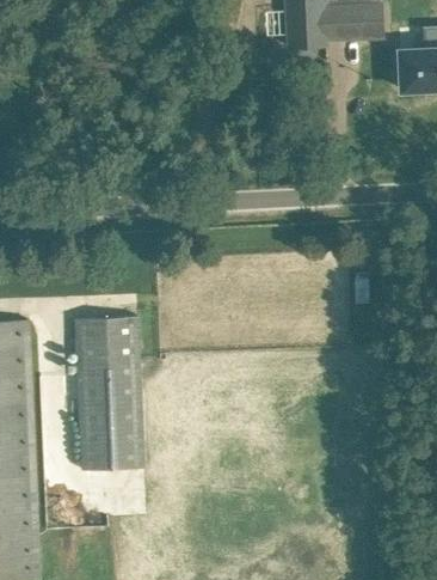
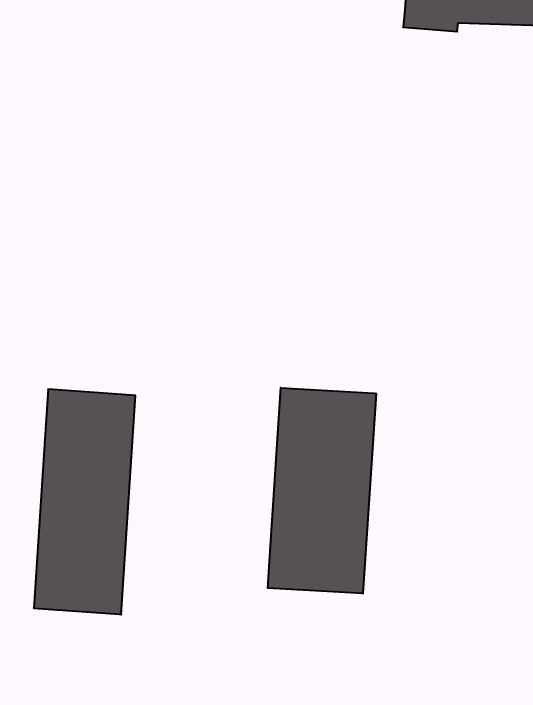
building: none -> [268,388,376,594]

